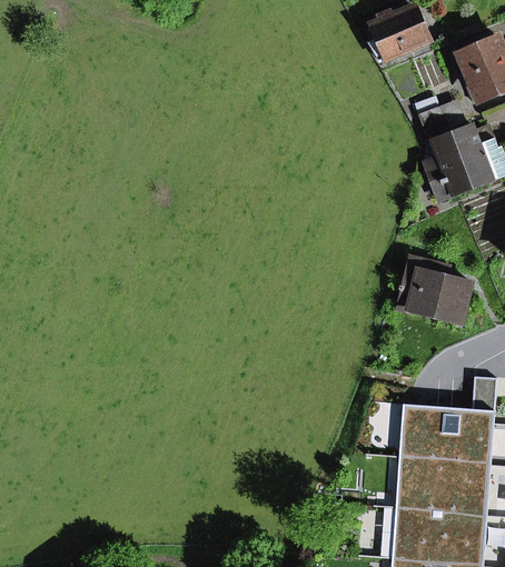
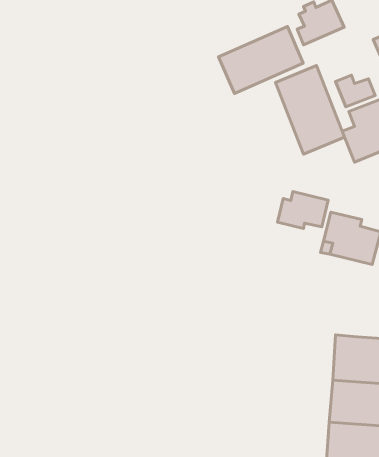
building: none -> [219,26,303,93]
building: none -> [276,66,344,154]
building: none -> [278,192,328,228]

